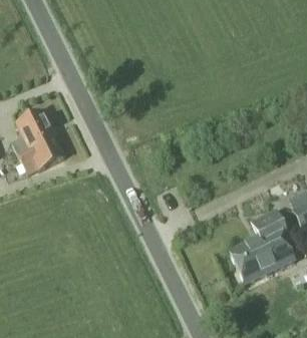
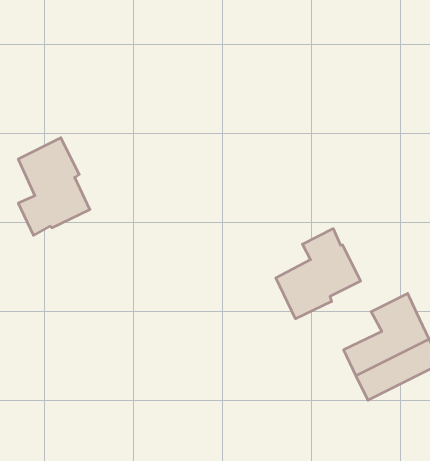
building: none -> [276,229,361,319]

